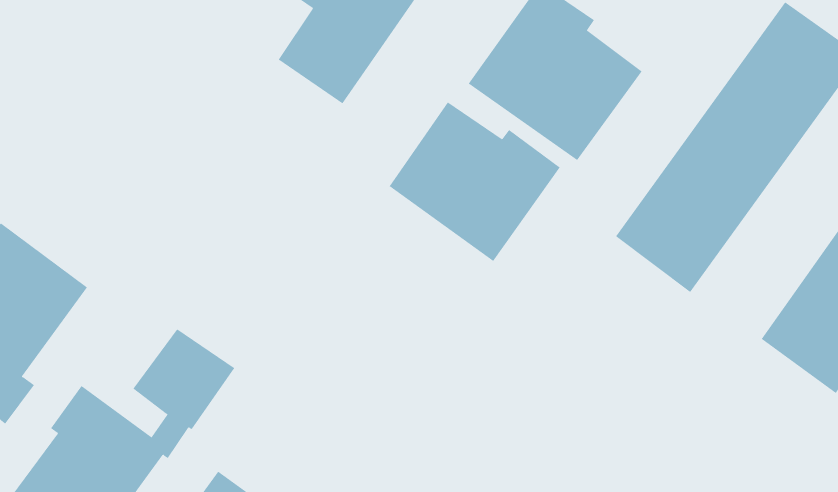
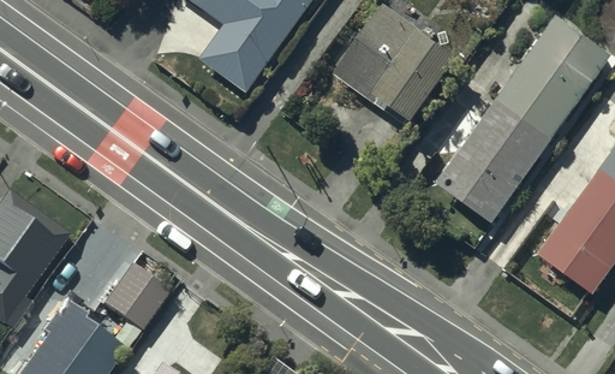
building: [389,102,561,262] -> none

